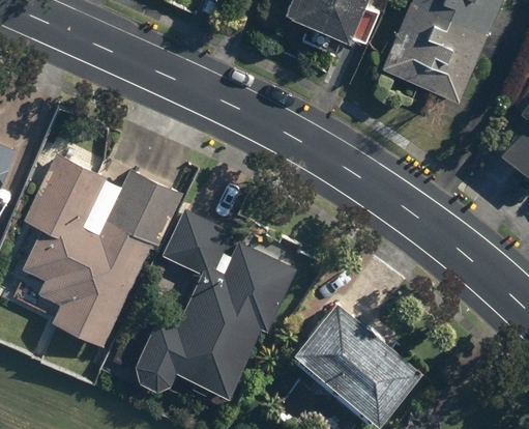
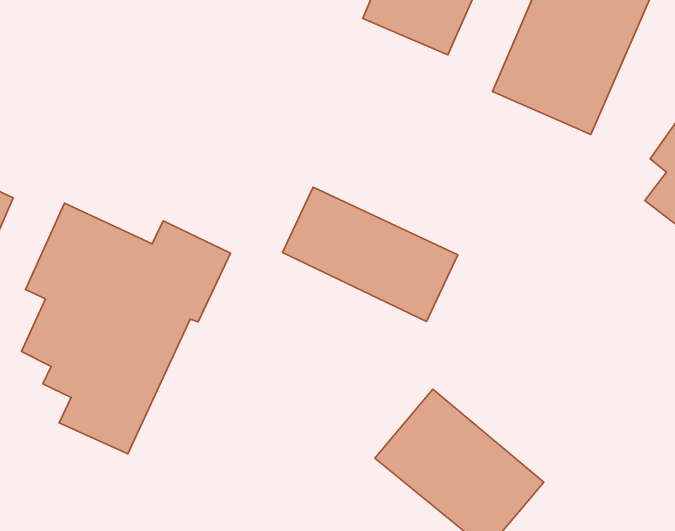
building: none -> [282,187,458,322]
building: [135,210,297,398] -> none

